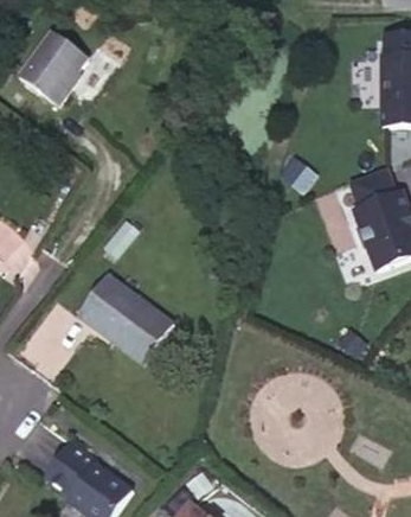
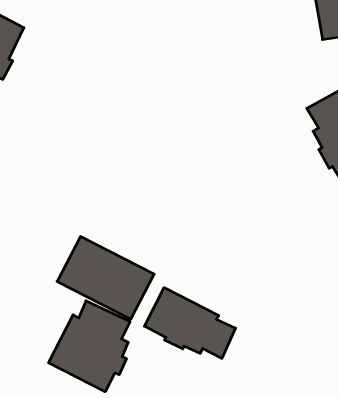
building: none -> [49,301,130,392]
building: none -> [144,288,236,358]

